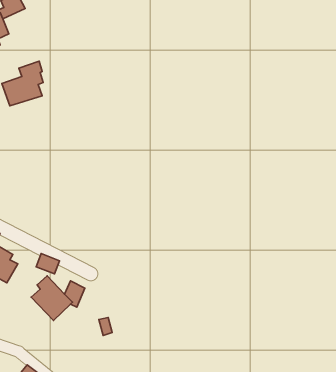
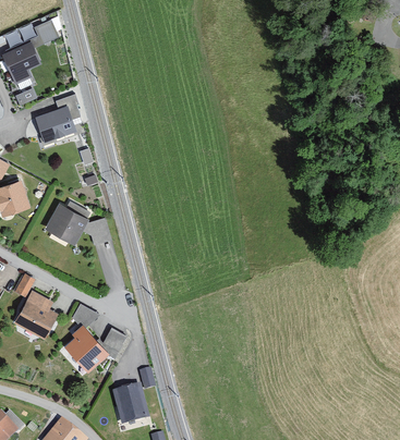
building: none -> [44,204,89,246]
building: none -> [114,389,146,424]

